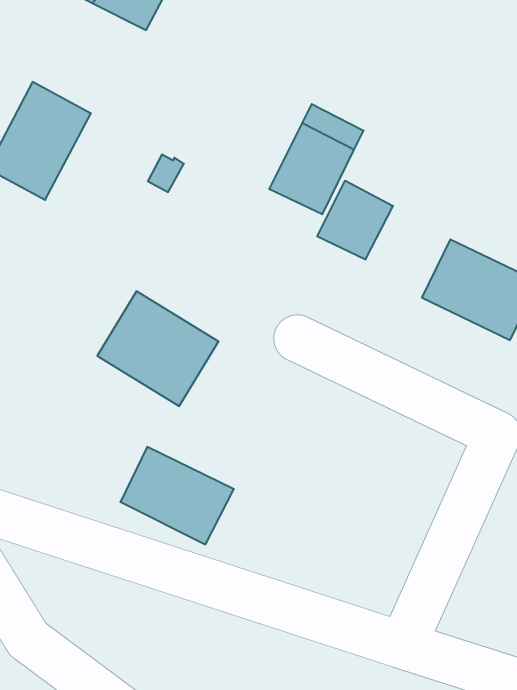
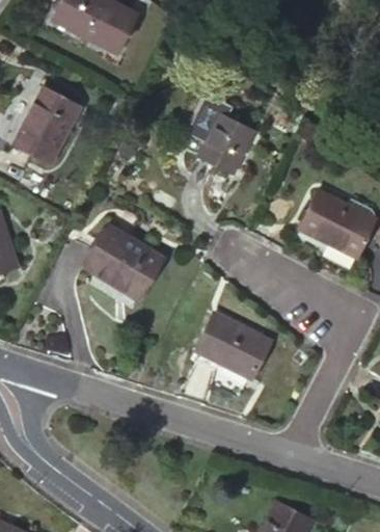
building: [317,181,393,260] -> none
building: [120,447,234,544] -> [195,314,270,378]

